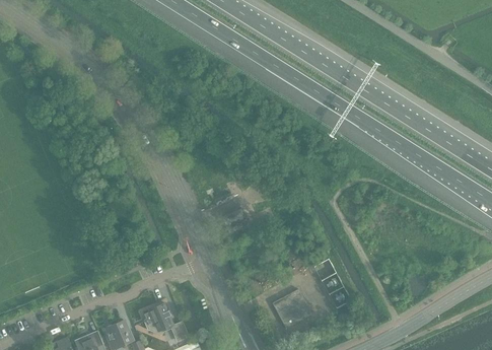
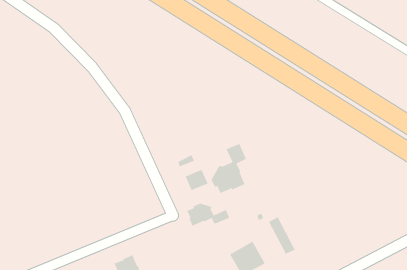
building: none -> [211,143,246,194]
building: none -> [187,203,230,226]

